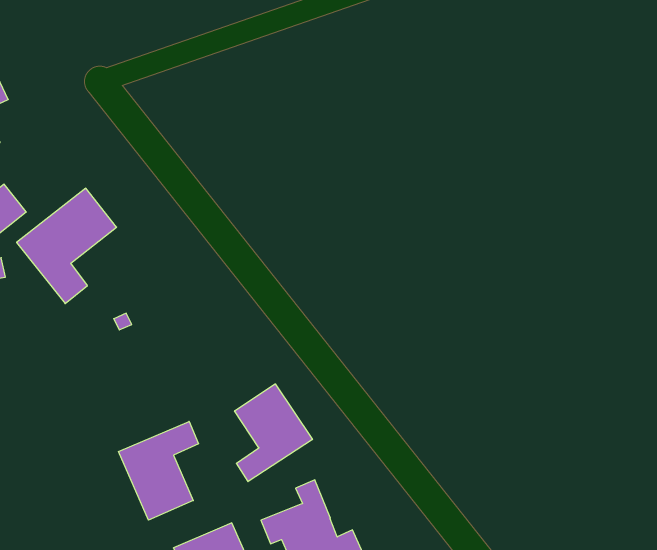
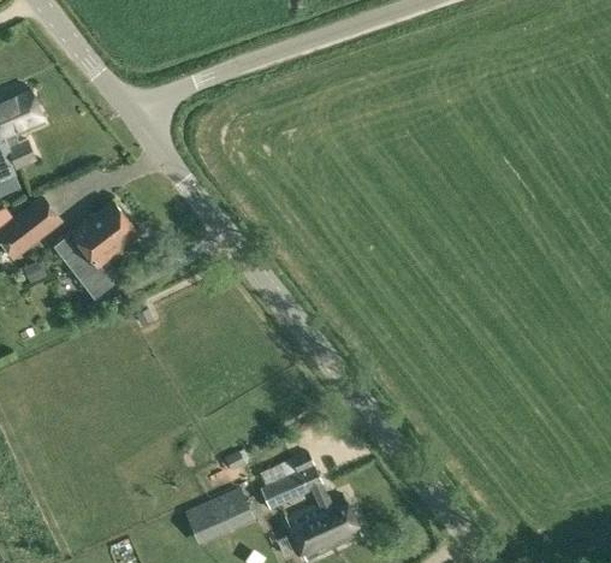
building: [235,384,312,482] -> none
building: [118,421,198,520] -> none

